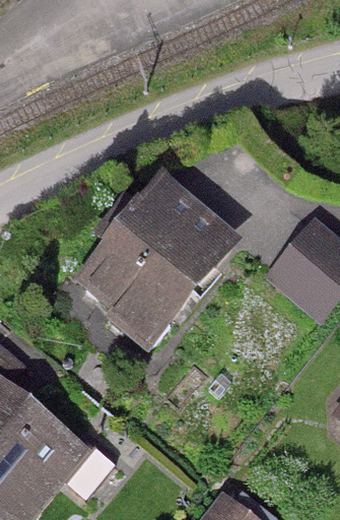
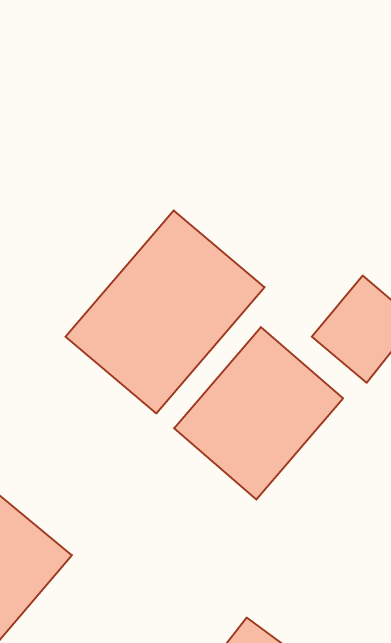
building: none -> [174,327,343,500]

